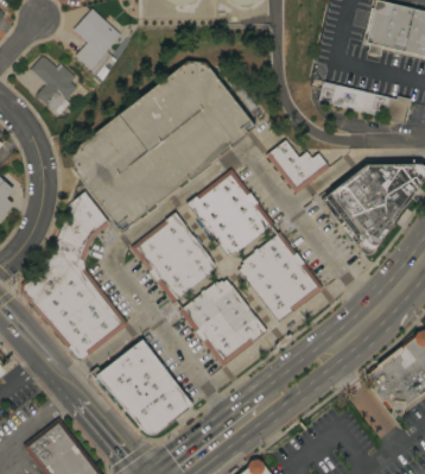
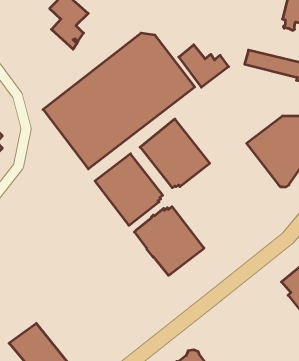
building: [30,56,77,114] -> none
building: [267,139,330,192] -> [179,45,229,87]
building: [21,191,128,361] -> none
building: [239,232,324,322] -> none
building: [91,339,194,434] -> none

